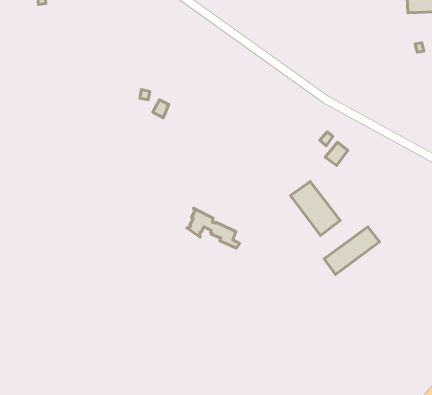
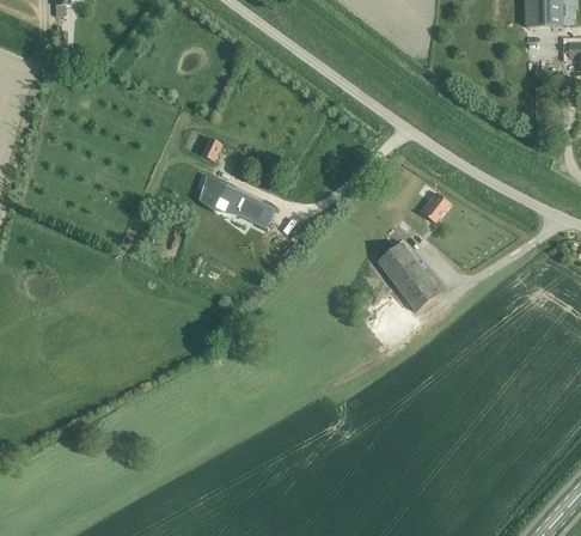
building: [187,208,239,248] -> [198,173,265,225]
building: [324,227,380,274] -> none

